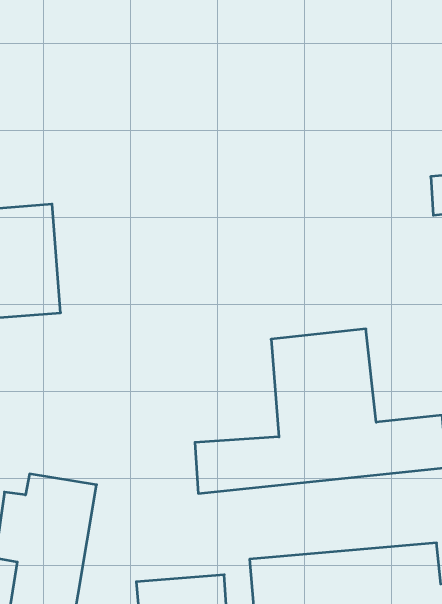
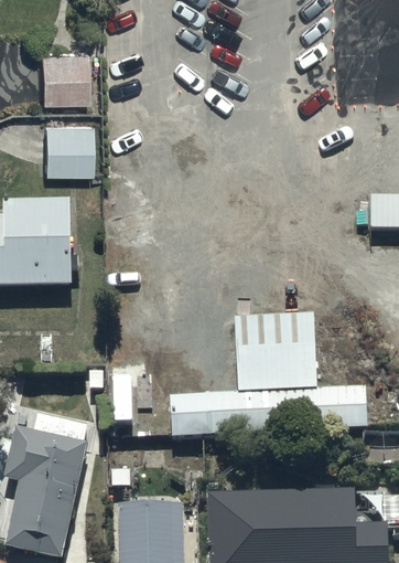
building: none -> [44,49,91,107]
building: none -> [43,120,93,169]

